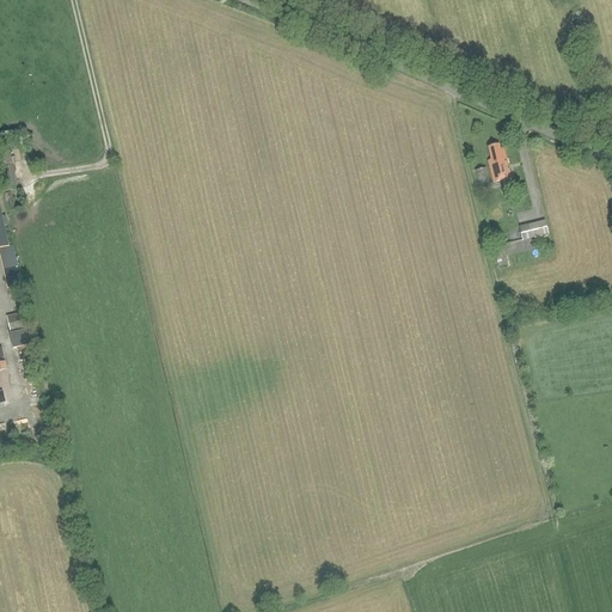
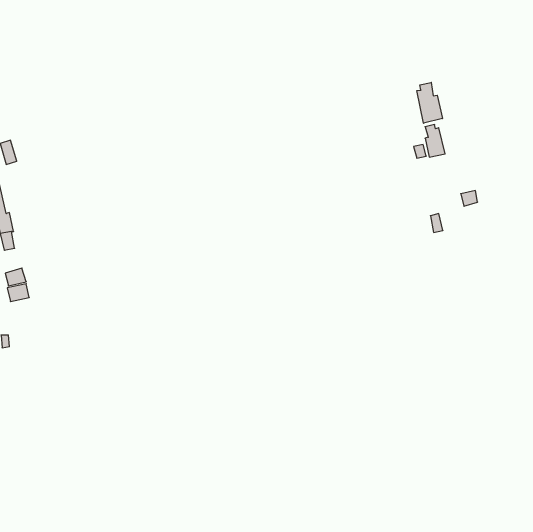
building: none -> [417,82,442,123]

